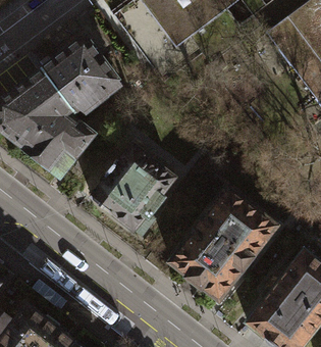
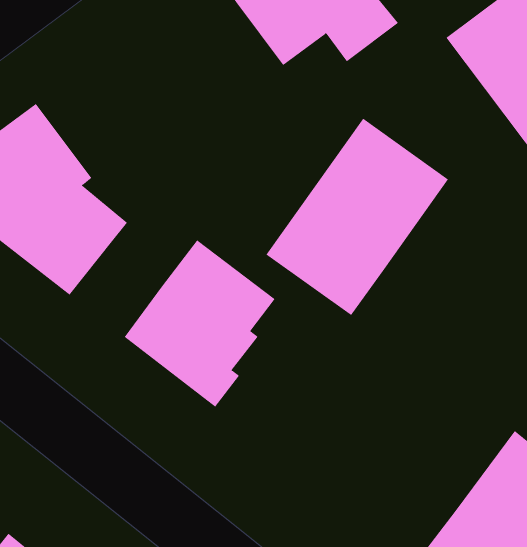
building: [43,38,120,111] -> none
building: [171,192,271,300] -> [266,118,449,316]

